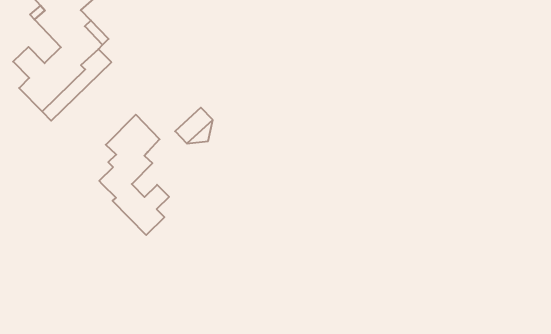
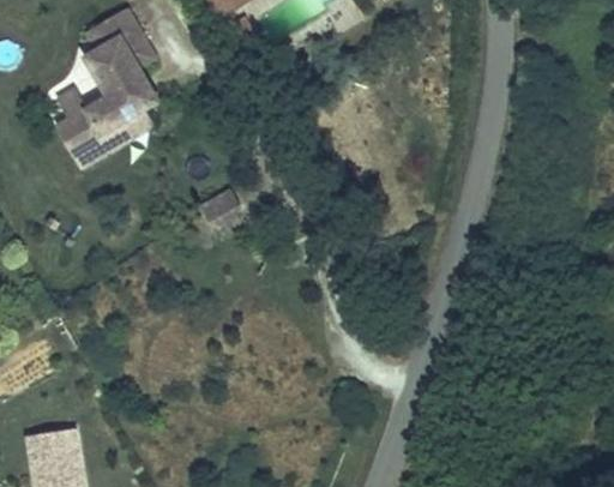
building: [99,115,169,235] -> none

